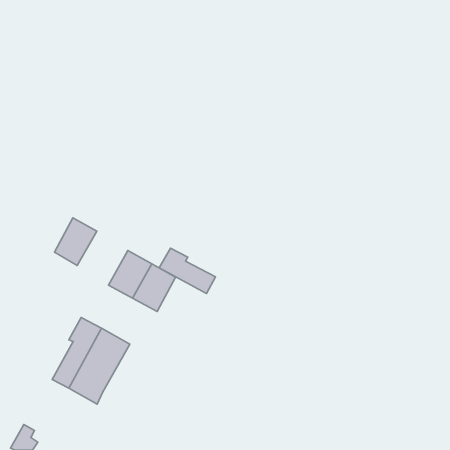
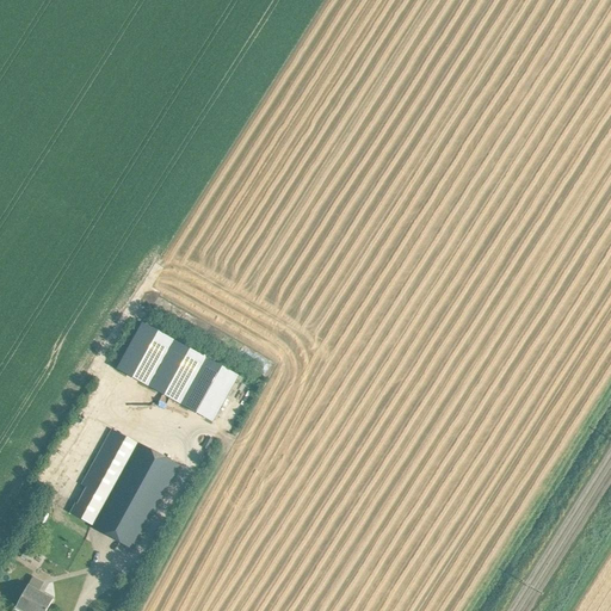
building: [54,218,97,266] -> [116,321,173,385]
building: [159,248,216,293] -> none

